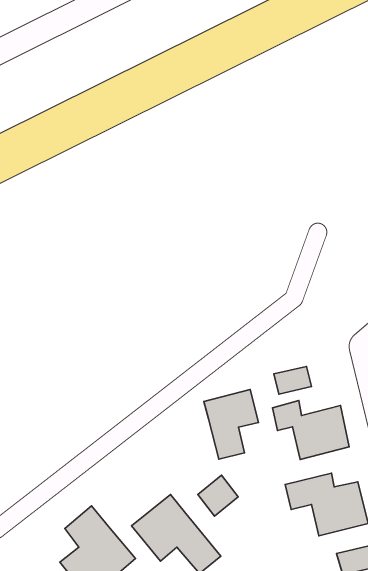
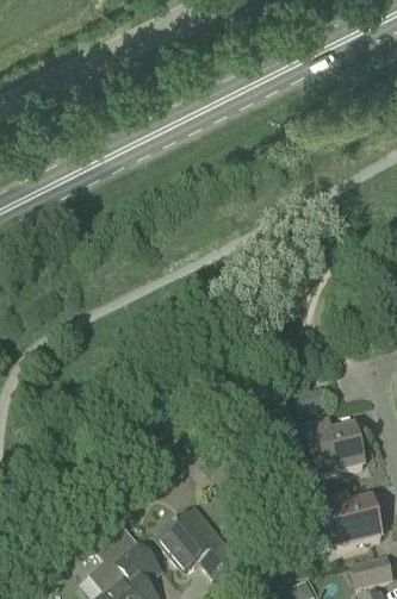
building: [204,389,259,459] -> none
building: [198,475,238,516] -> none

